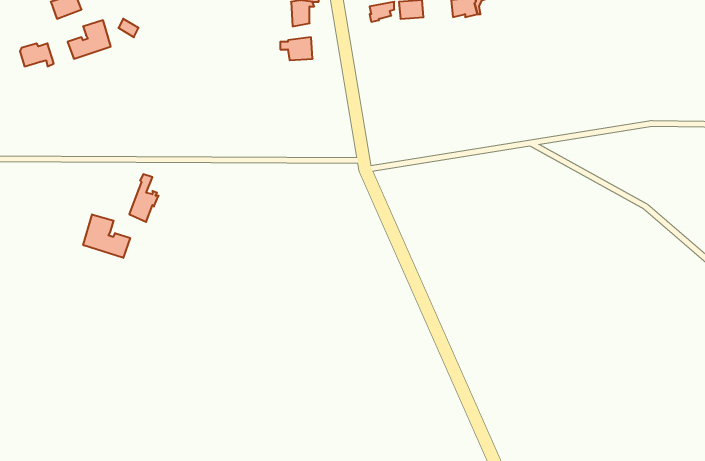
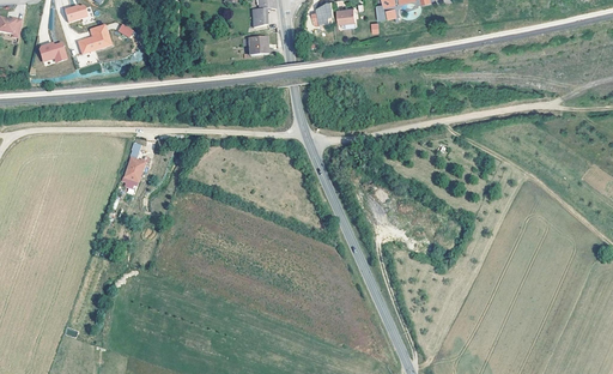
building: [83,214,130,258] -> none

